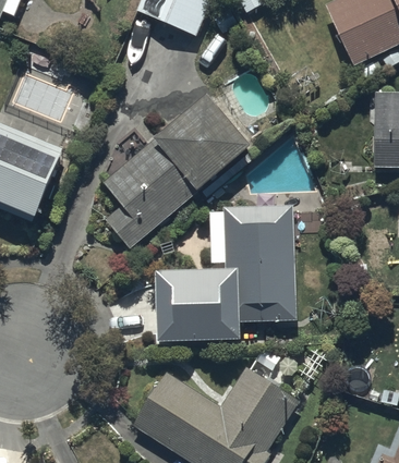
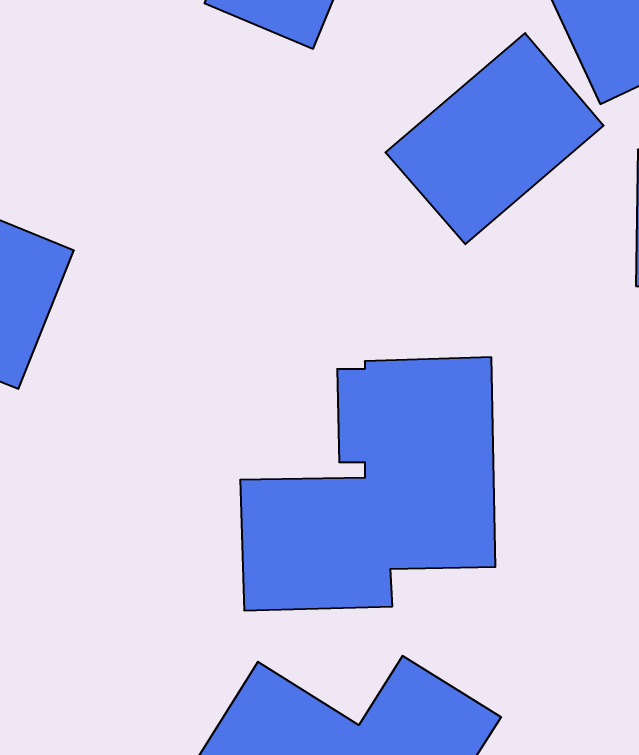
building: none -> [385,33,604,244]
building: [101,93,251,249] -> none

